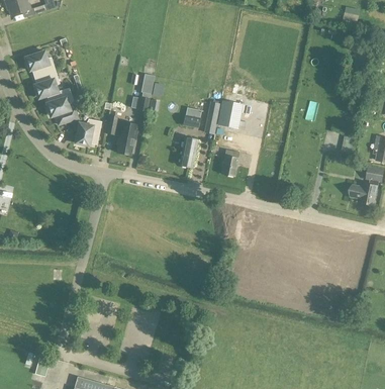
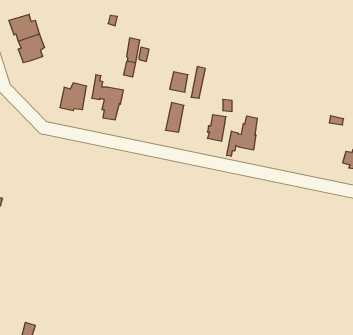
building: [46,86,78,123] -> none
building: [217,99,242,128] -> none
building: none -> [227,116,257,156]

